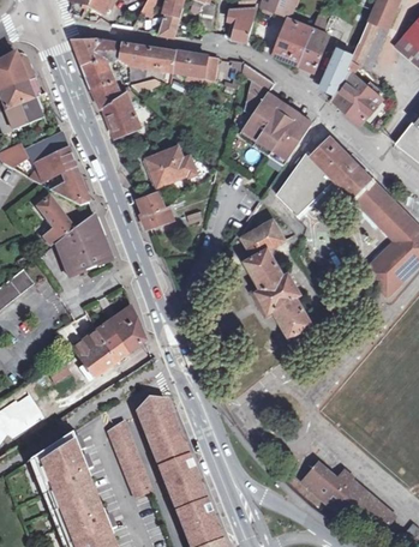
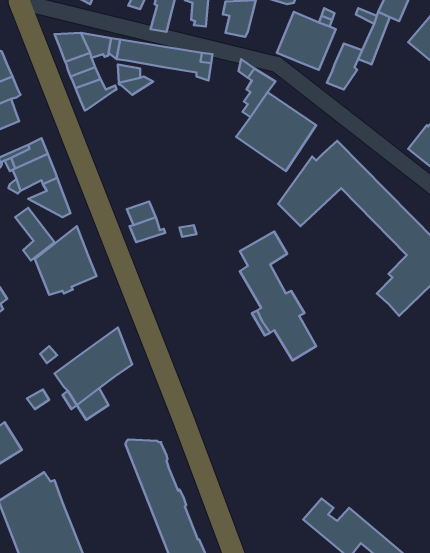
building: [334,61,382,121] -> none
building: [103,90,142,137] -> none
building: [148,145,198,184] -> none
building: [108,421,152,497] -> none

